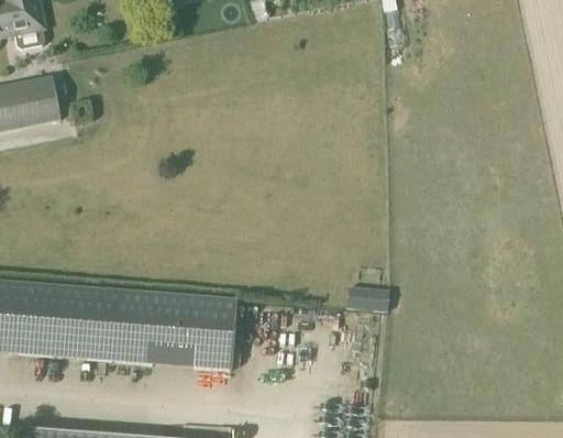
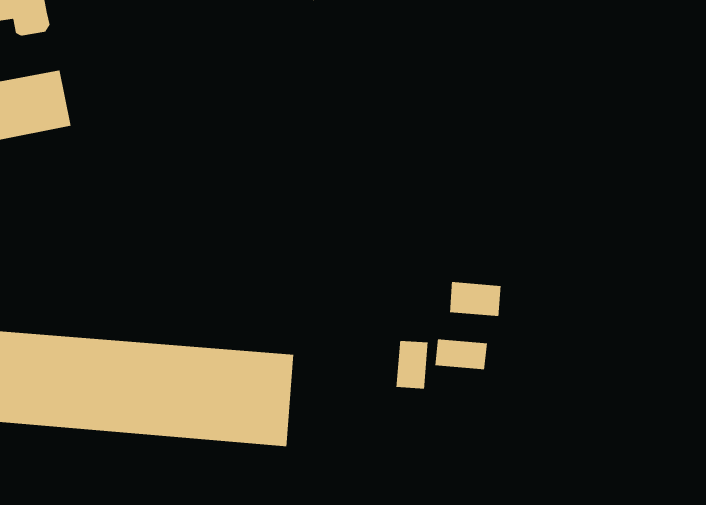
building: none -> [450,281,501,317]
building: none -> [396,340,428,389]

